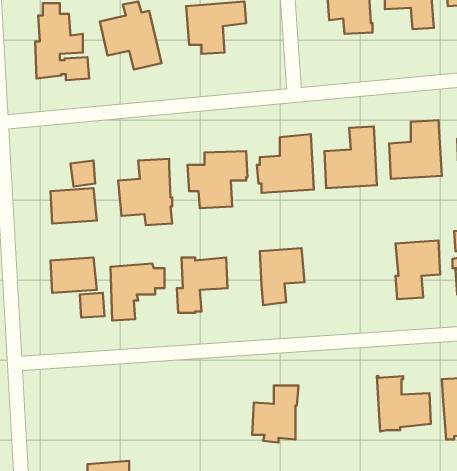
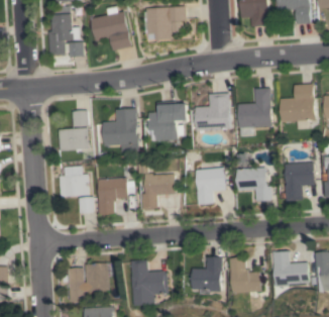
building: none -> [237,167,271,200]
building: none -> [229,257,259,298]
building: none -> [131,259,168,305]
building: none -> [68,262,108,301]

